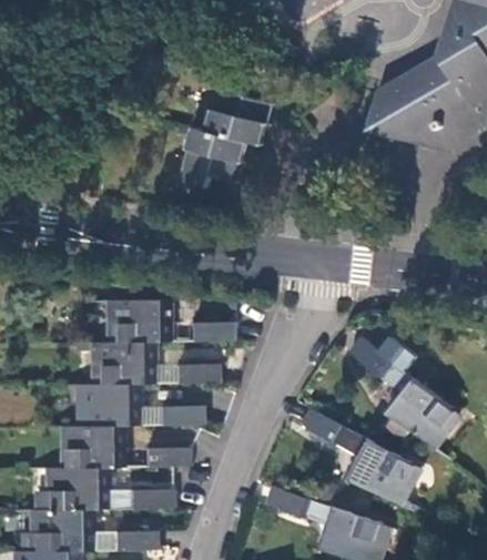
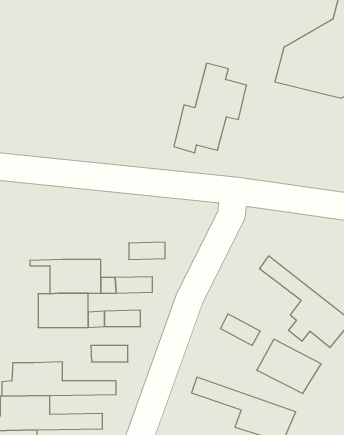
building: [180,75,268,185] -> [174,63,247,153]
building: [108,299,170,342] -> none
building: [61,425,124,468] -> none

